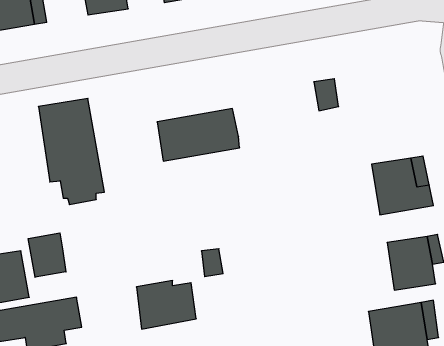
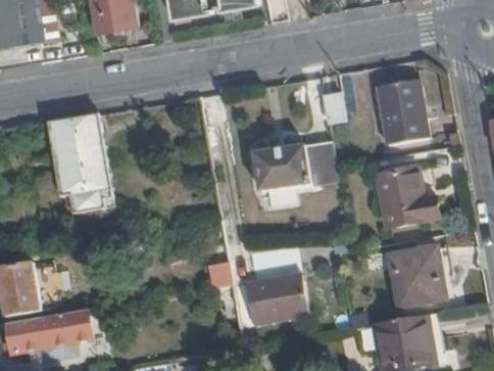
building: none -> [378,80,431,144]
building: [157,109,240,161] -> [254,141,336,193]
building: [28,233,66,277] -> none
building: [136,281,196,329] -> [248,275,307,323]

